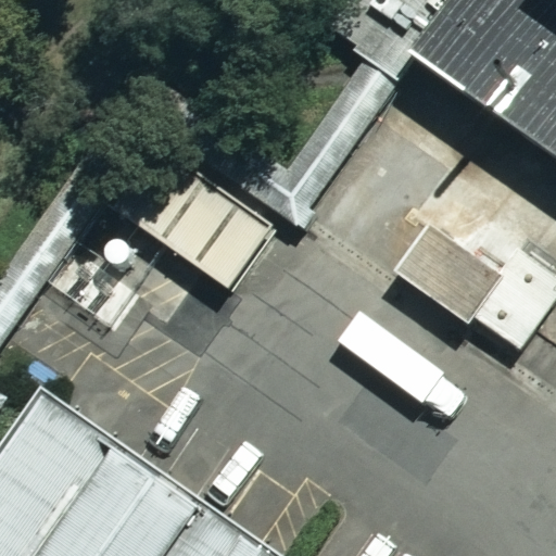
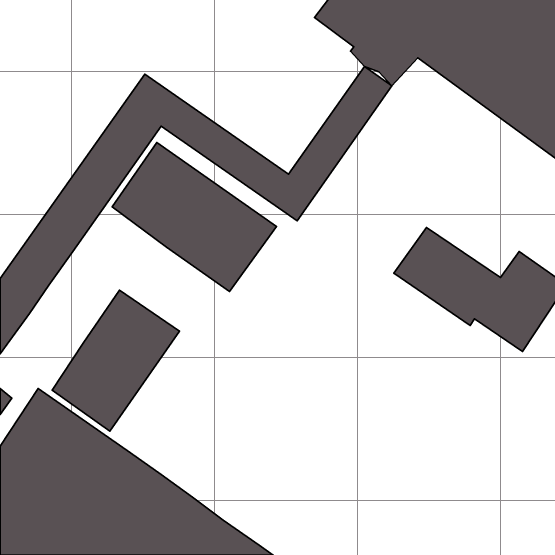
building: none -> [52,290,180,431]

